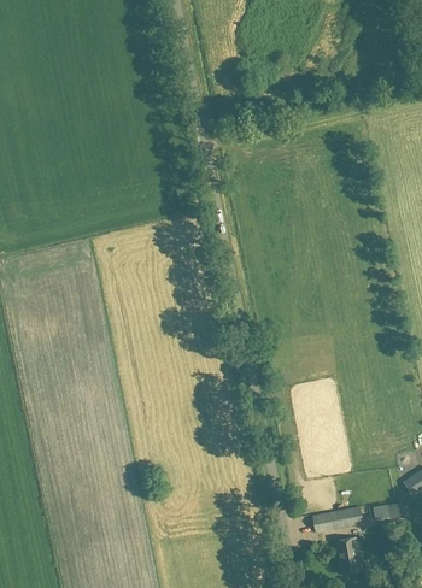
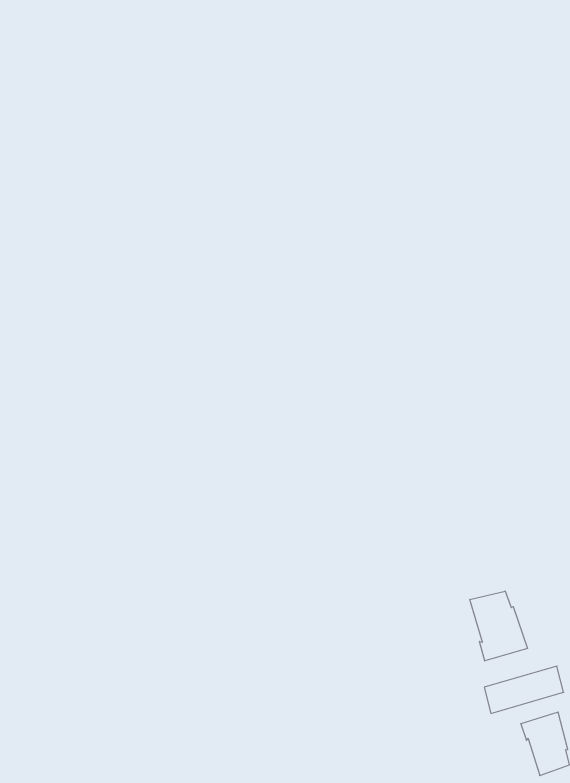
building: none -> [470,591,528,661]

